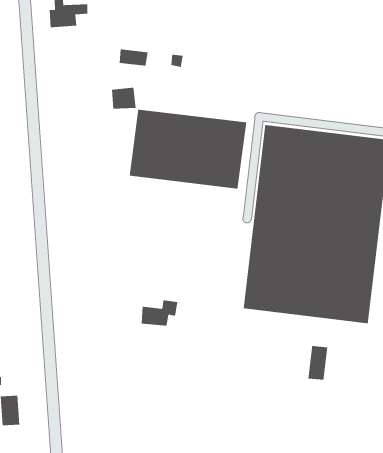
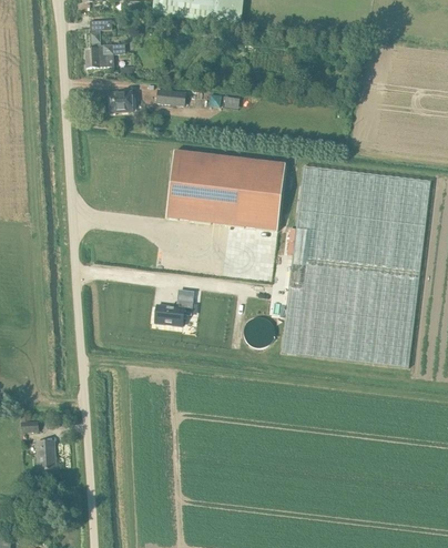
building: [111,87,136,109] -> [106,89,132,111]
building: [141,300,178,326] -> [154,297,192,324]
building: [308,345,328,381] -> none

